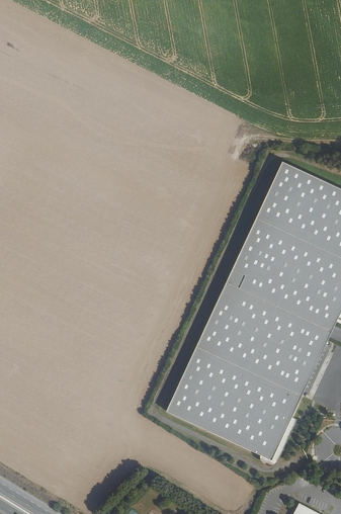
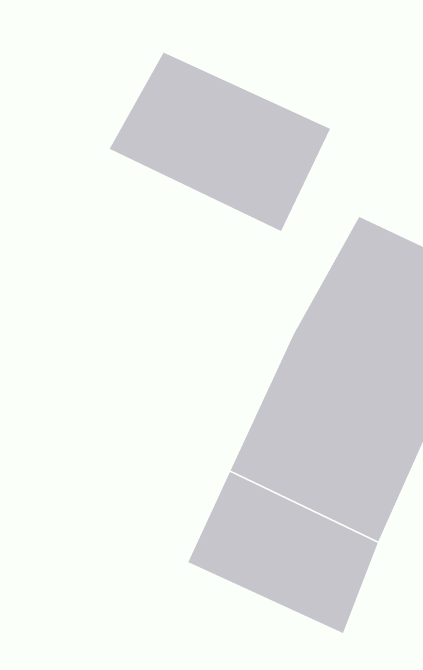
building: none -> [109,51,331,232]

